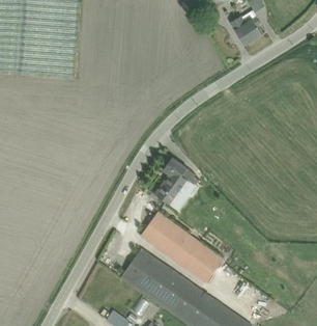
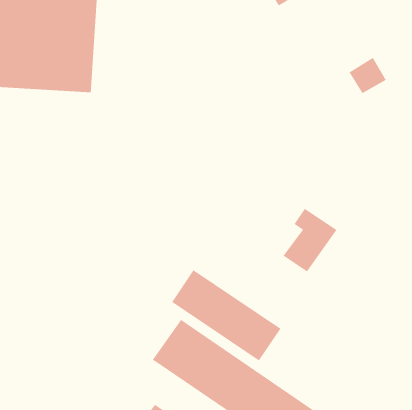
building: [232,17,261,45] -> [348,57,387,94]
building: [151,157,193,206] -> [283,208,338,272]

